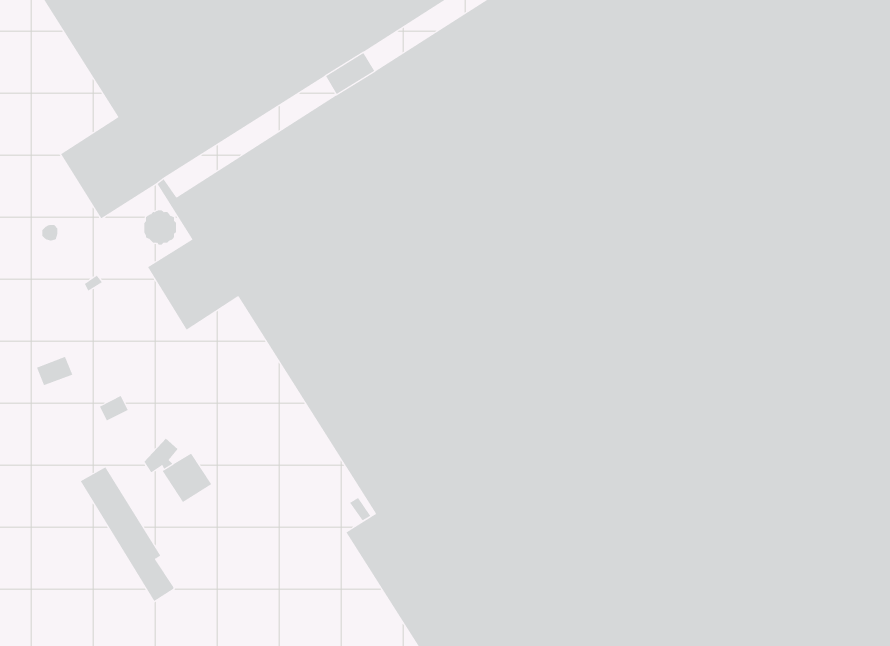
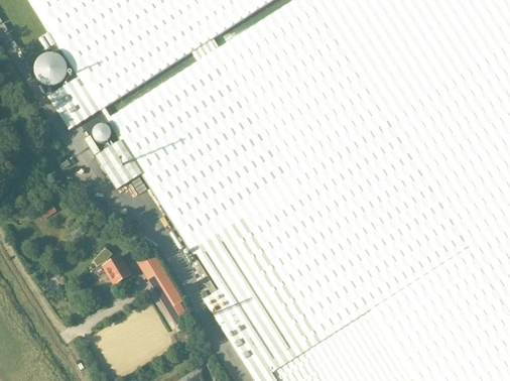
building: none -> [33,51,66,83]
building: [80,466,174,602] -> [137,252,188,326]

